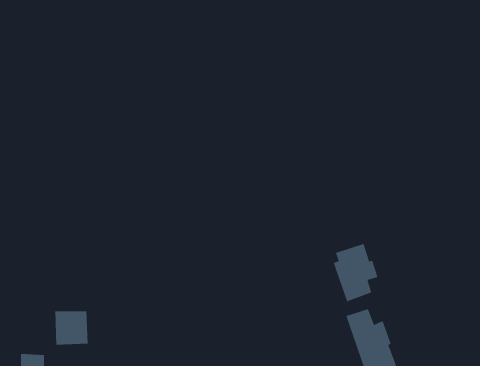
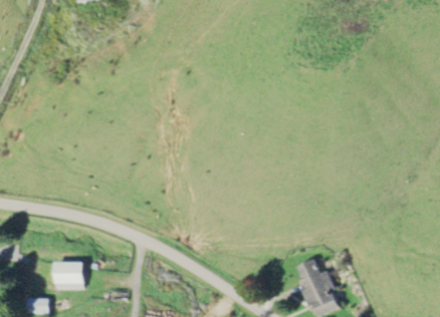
building: [333,243,378,302] -> none

